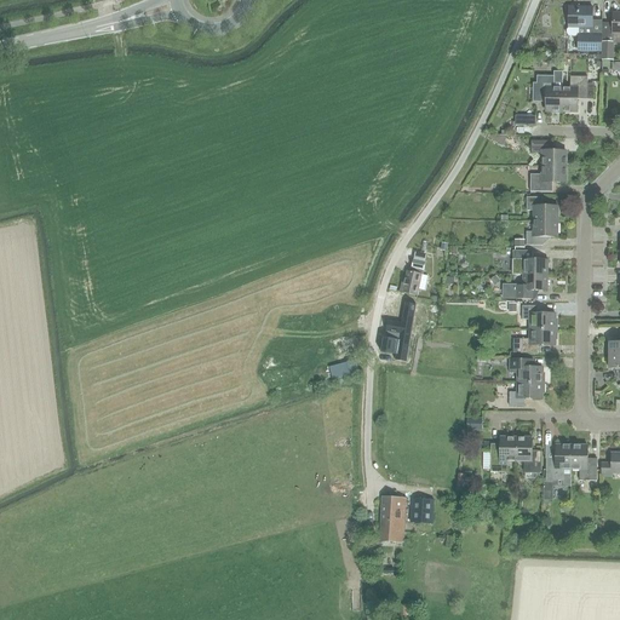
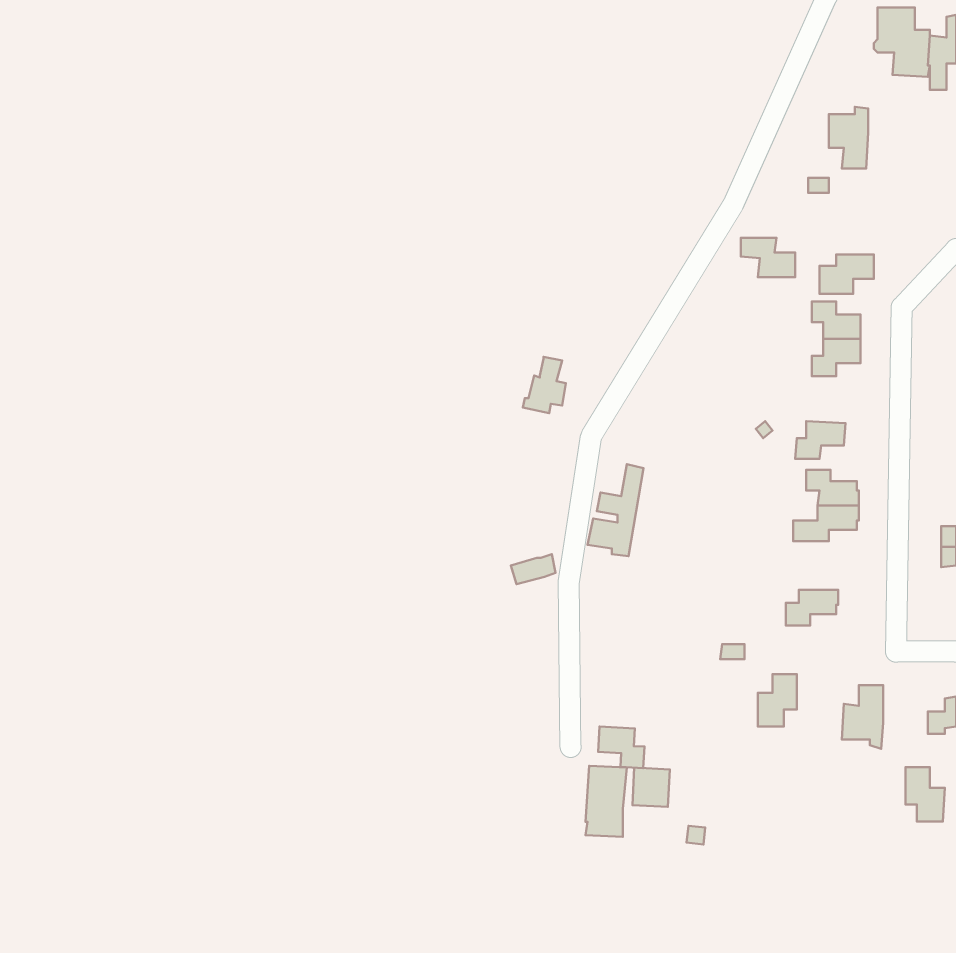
building: [561,74,593,109] -> none
building: [530,139,566,165] -> [741,238,795,277]
building: [512,248,547,274] -> none
building: [400,257,427,293] -> [523,357,566,413]
building: [509,357,544,381] -> none
building: [516,436,541,470] -> none
building: [572,443,597,478] -> [906,767,945,821]
building: none -> [598,727,644,768]

